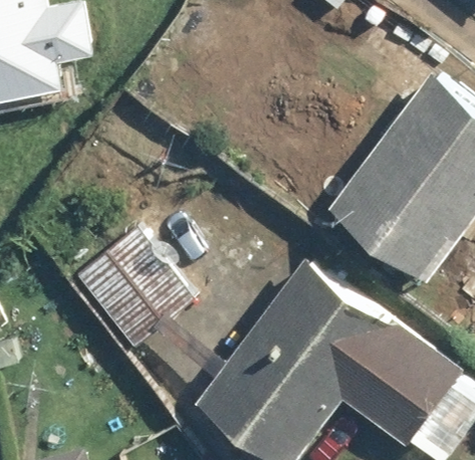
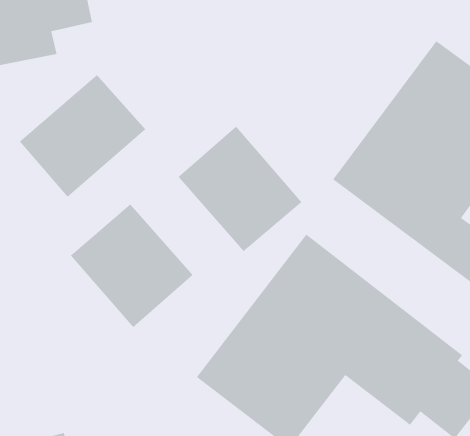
building: none -> [19,74,146,198]
building: none -> [177,126,303,252]

